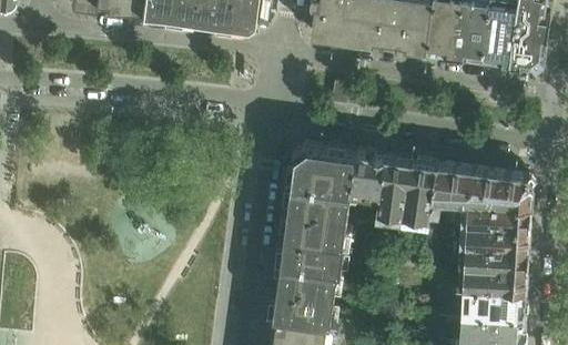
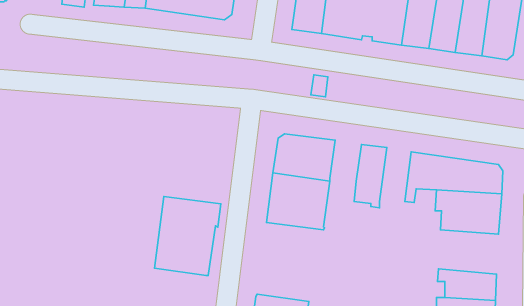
building: [349,155,383,199] -> none
building: [402,163,435,230] -> none
building: [273,242,343,325] -> [154,196,221,276]
building: [457,248,527,296] -> none

